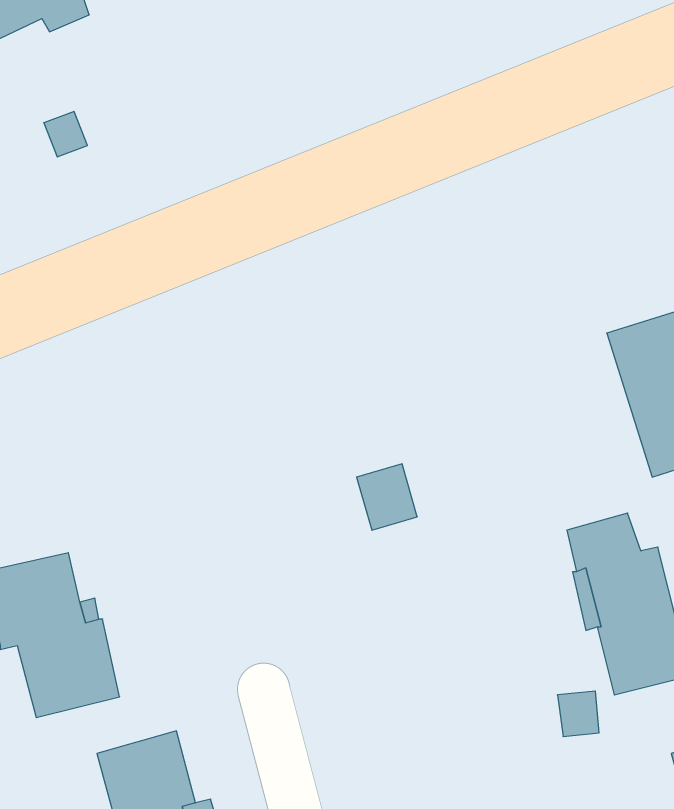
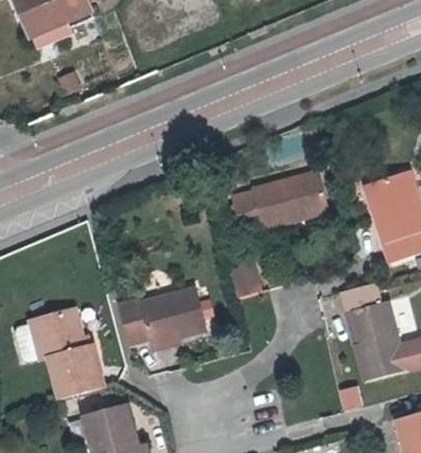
building: none -> [231,170,327,231]
building: none -> [117,288,209,350]

